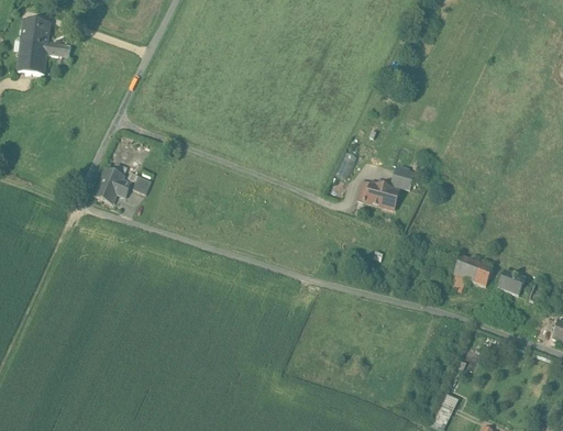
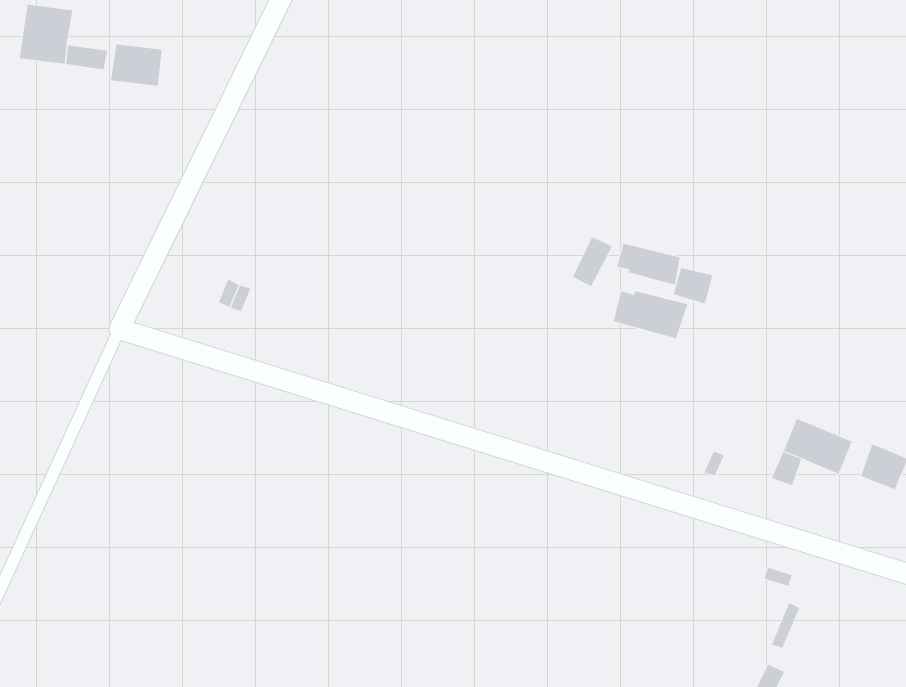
building: [16,48,46,73] -> [110,44,162,86]
building: none -> [617,243,680,285]
building: [93,165,131,201] -> none

